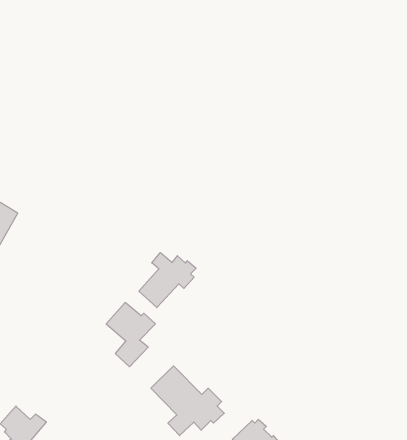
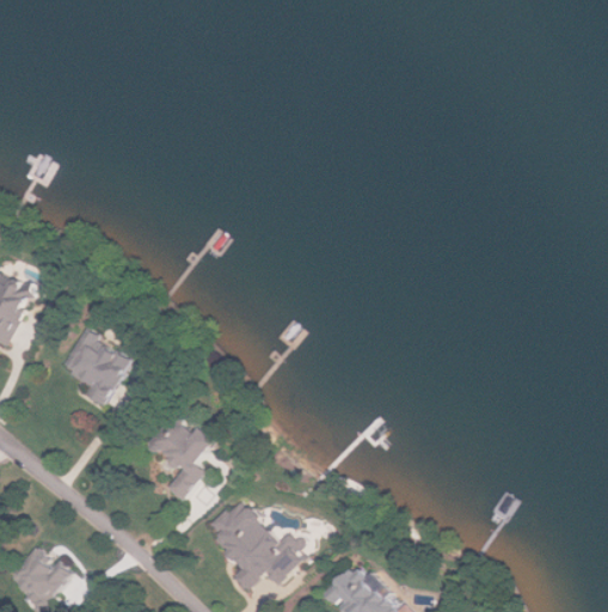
building: none -> [59,333,131,404]
building: [139,253,196,308] -> none

